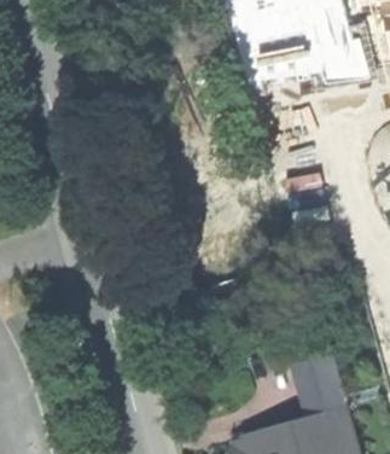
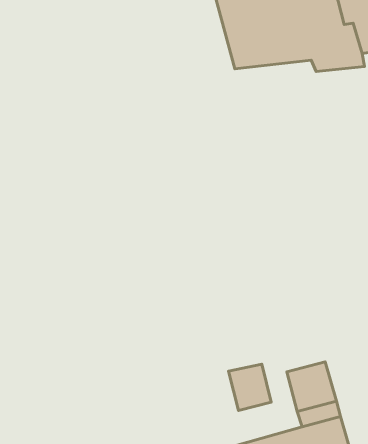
building: none -> [228,364,271,410]

